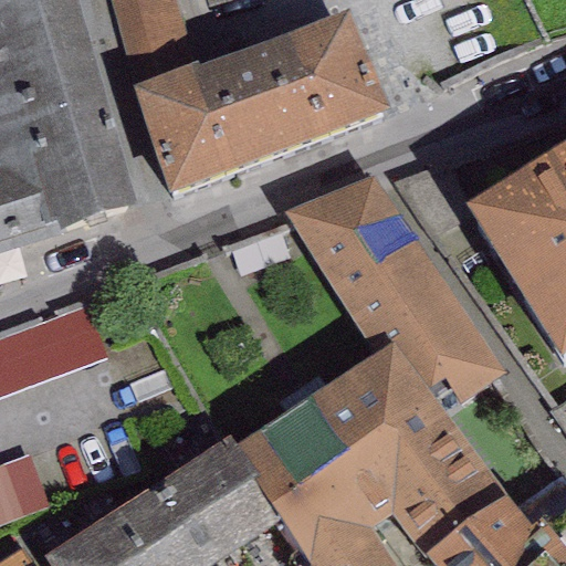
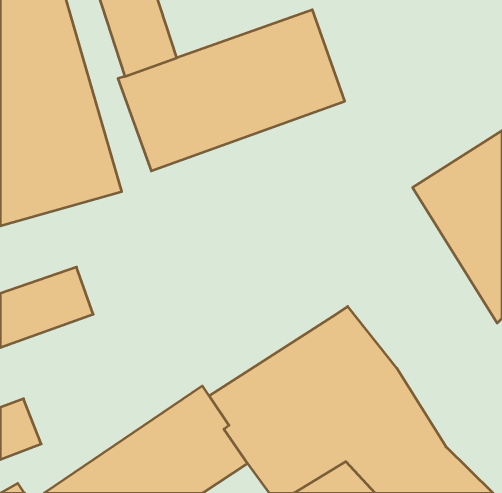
building: [283,174,505,415] -> none

